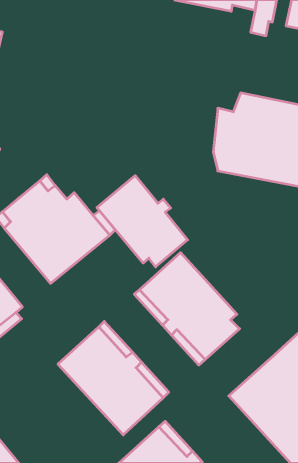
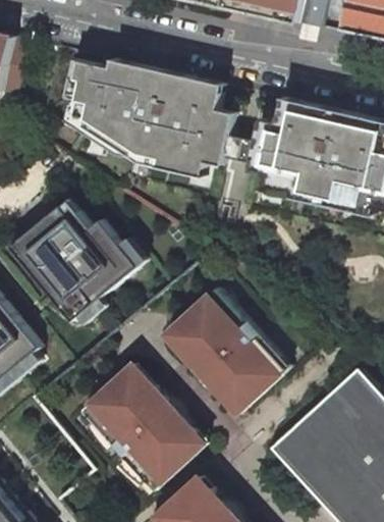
building: none -> [63,61,235,173]
building: [97,176,188,267] -> none

